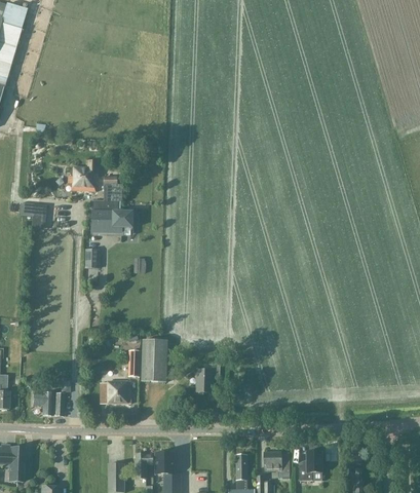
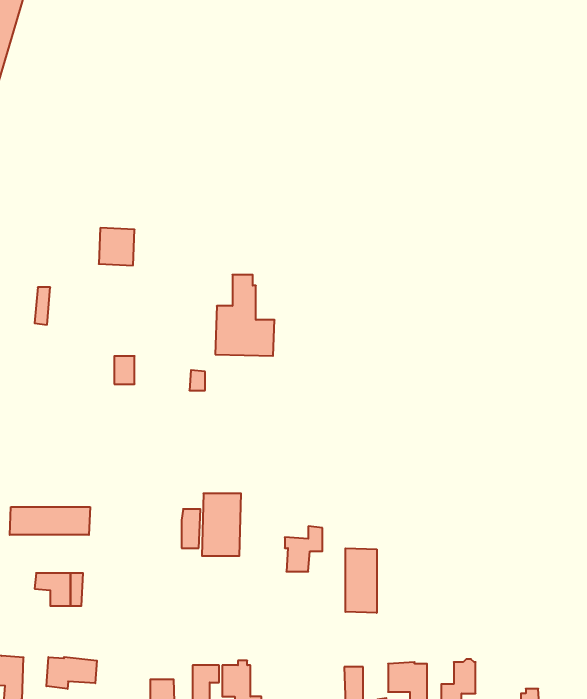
building: [92,178,131,231] -> [215,275,275,356]
building: none -> [10,507,90,535]
building: none -> [345,548,377,613]
building: [101,380,130,402] -> none
building: none -> [46,657,97,689]

